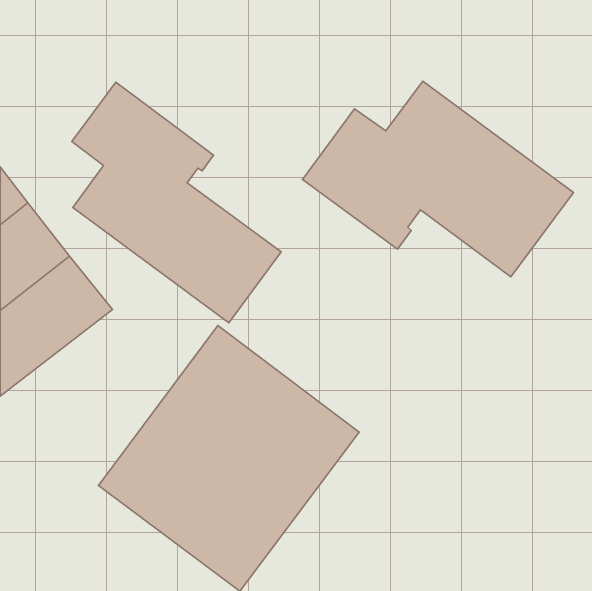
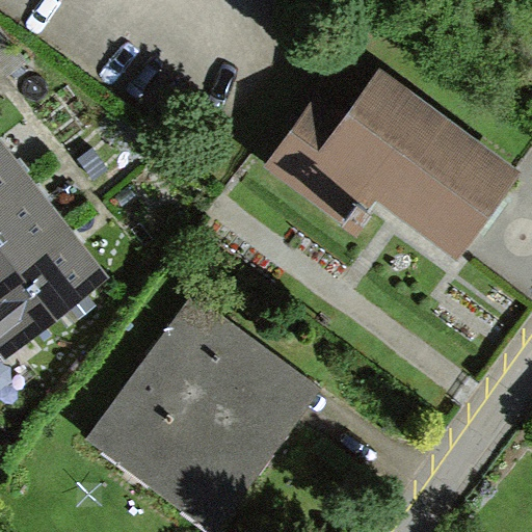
building: [72,82,281,323] -> none

